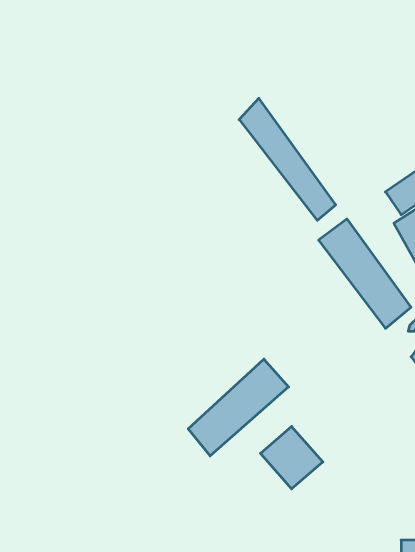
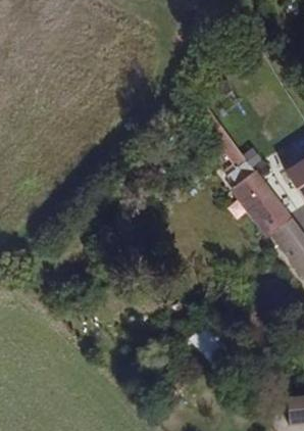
building: [188,359,289,456] -> none

